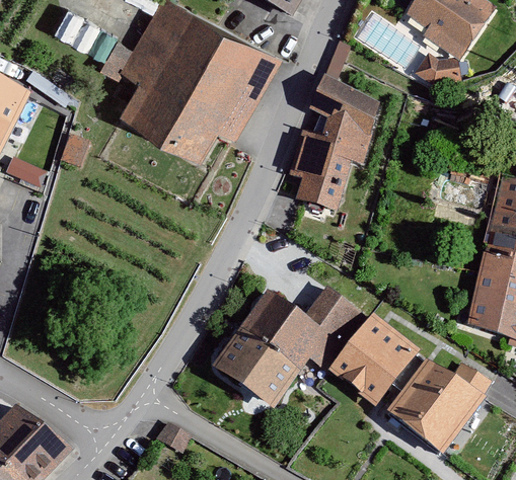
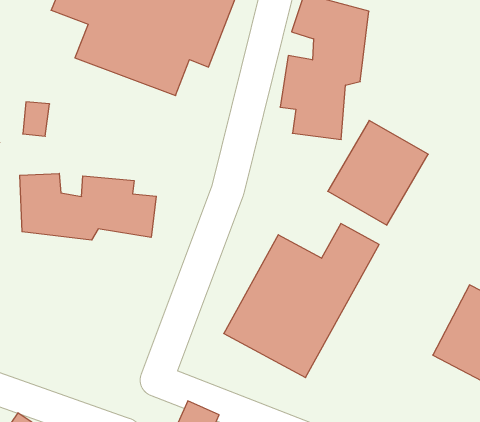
building: none -> [20,173,156,240]
building: [325,309,418,402] -> [328,120,428,225]

